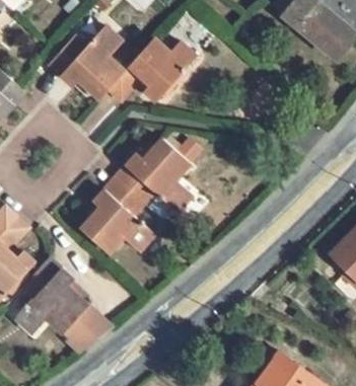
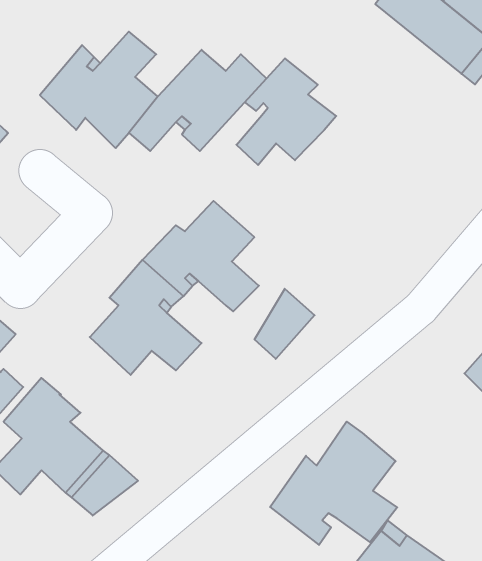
building: none -> [236,58,336,165]
building: none -> [255,289,315,359]
building: none -> [270,422,397,545]

